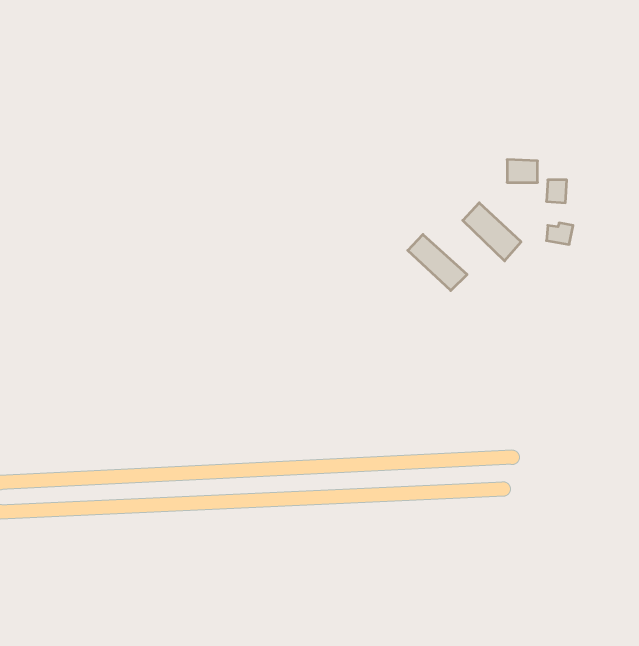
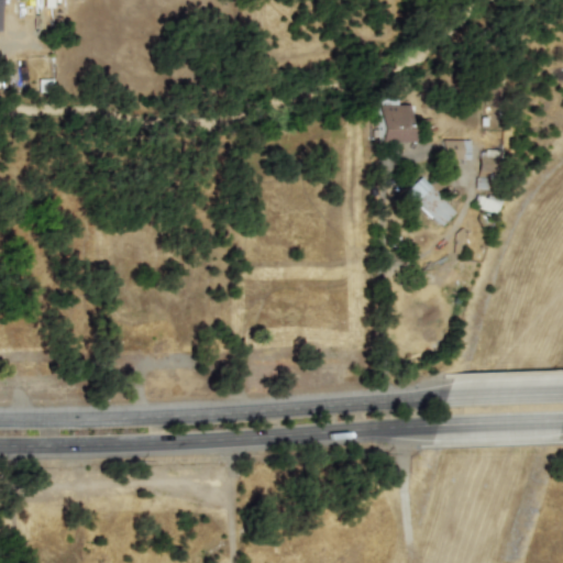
building: none -> [379,101,412,143]
building: [408,234,467,291] -> none

